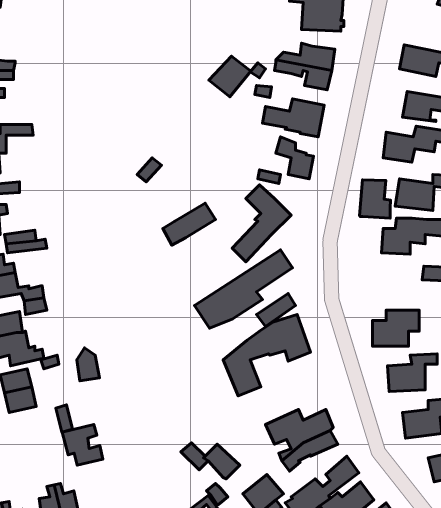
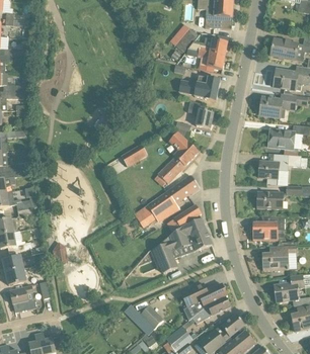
building: [209,56,251,97] -> [168,24,197,52]
building: [359,180,391,218] -> none
building: none -> [256,191,283,209]
building: [62,425,103,465] -> [10,283,37,311]

